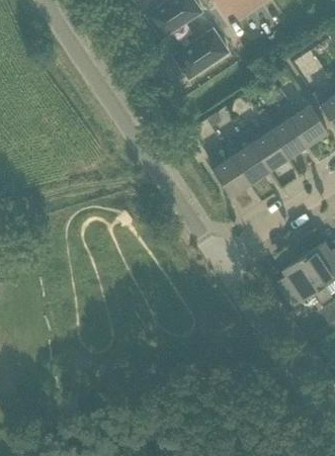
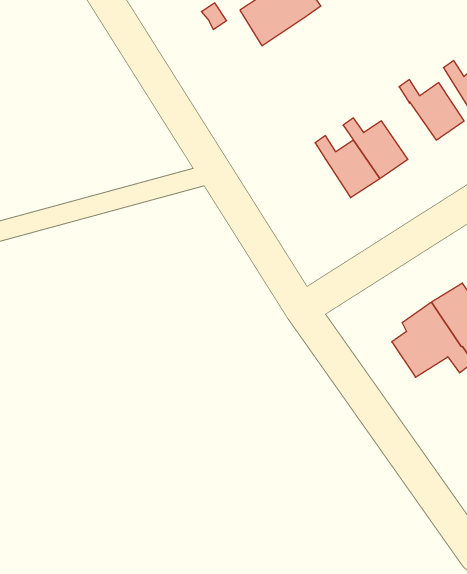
building: [265,115,310,157] -> none
building: [207,154,251,196] -> none

